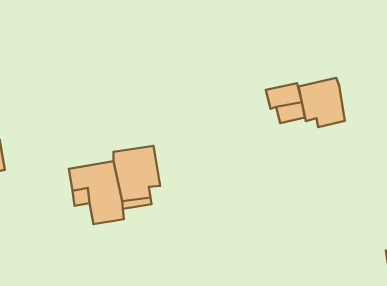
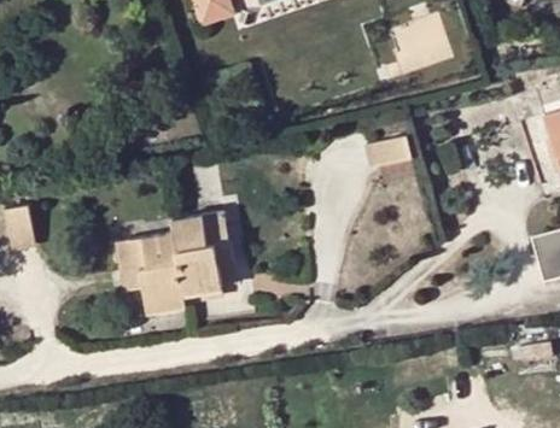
building: [299,78,345,127] -> none

